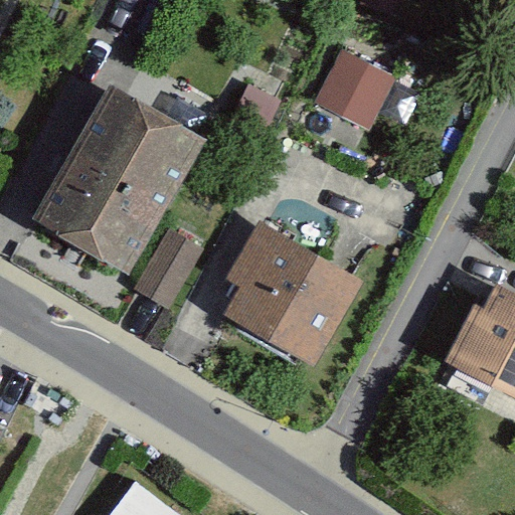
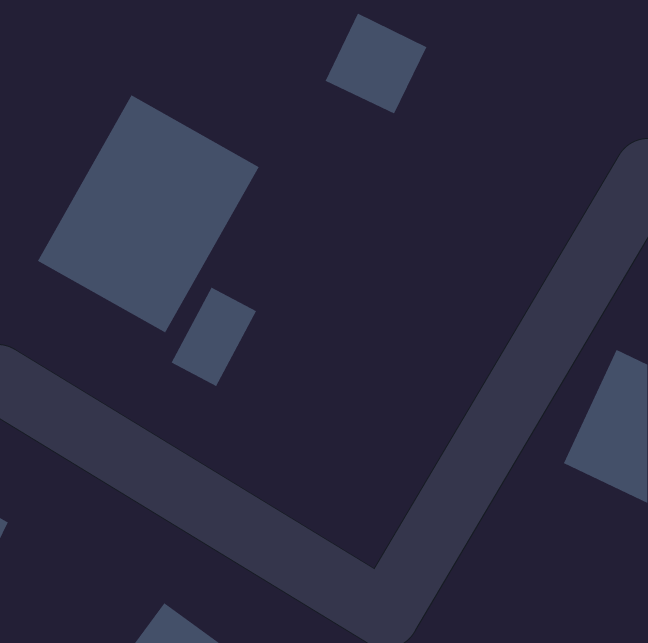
building: [315,53,396,134] -> [324,13,427,114]
building: [226,222,368,368] -> none

